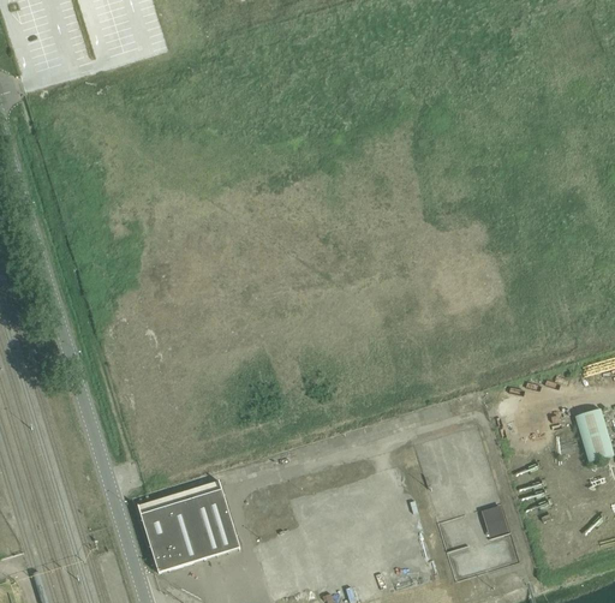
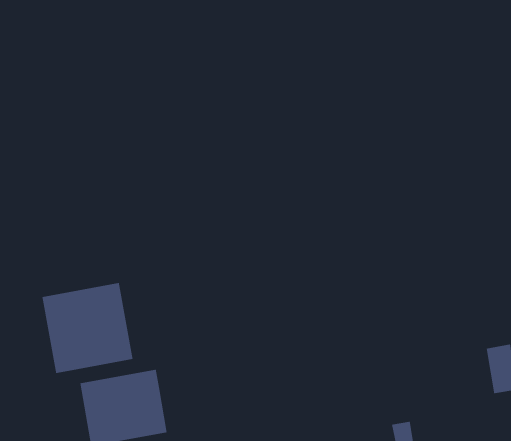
building: none -> [42,282,133,374]

